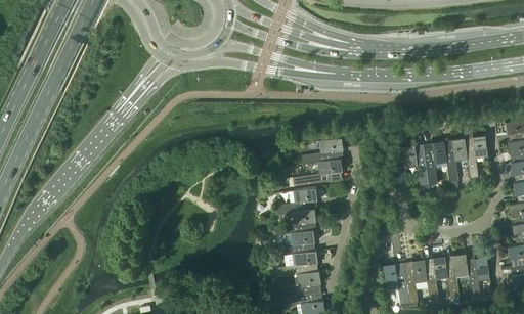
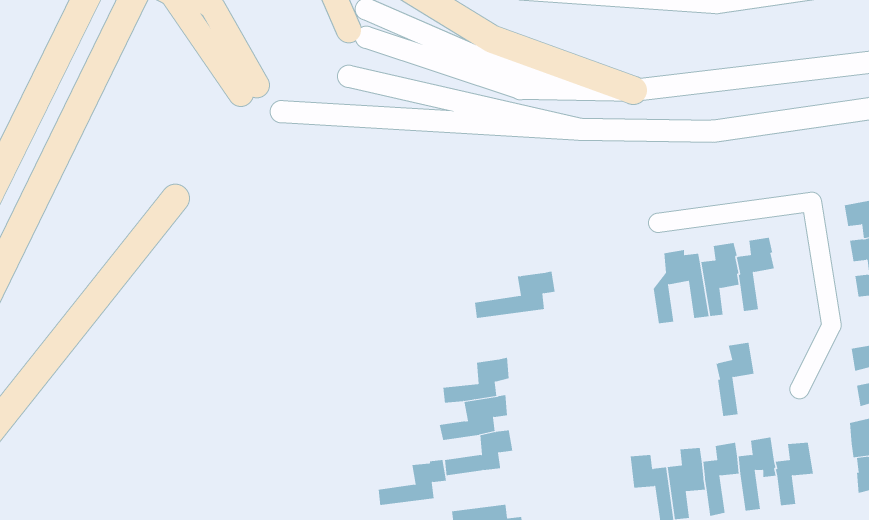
building: [466,135,488,178] -> [715,342,754,416]
building: [302,137,342,164] -> none
building: [276,187,316,214] -> none
building: [279,270,319,297] -> [378,459,447,505]

